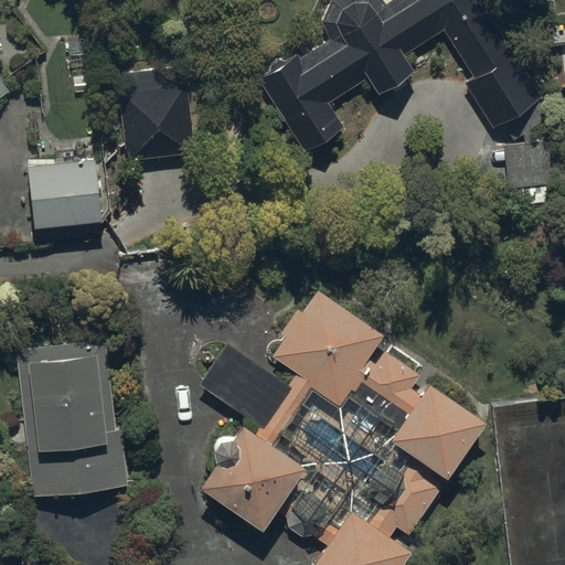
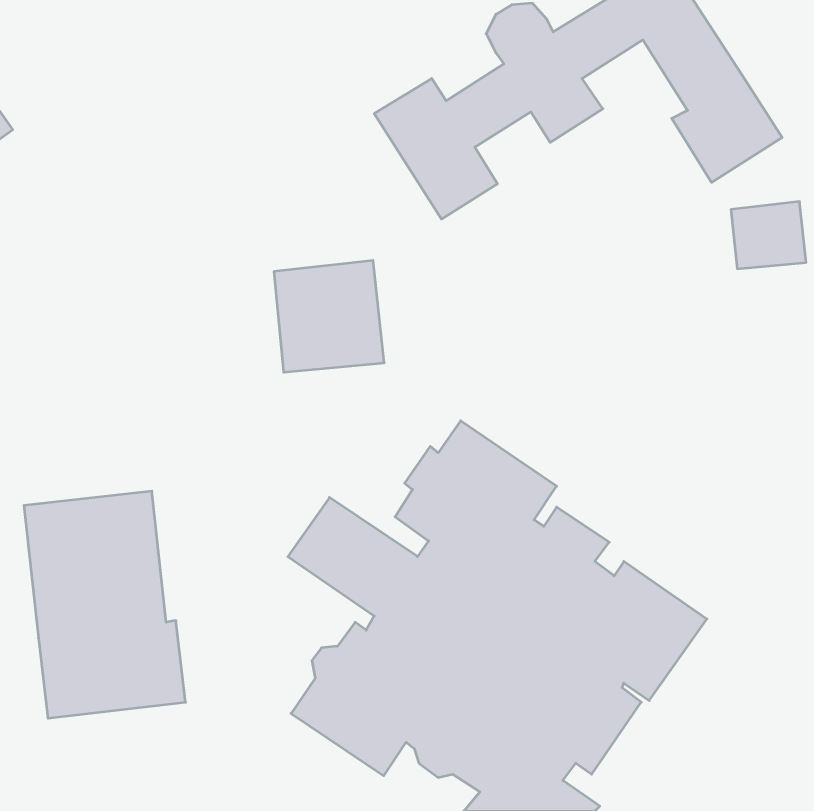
building: [118,82,194,159] -> [274,260,384,372]
building: [30,160,104,231] -> none

